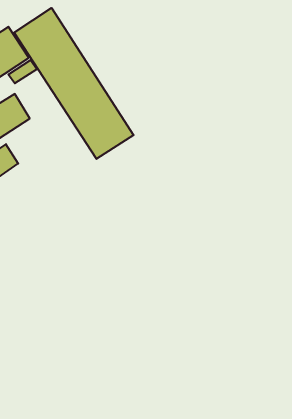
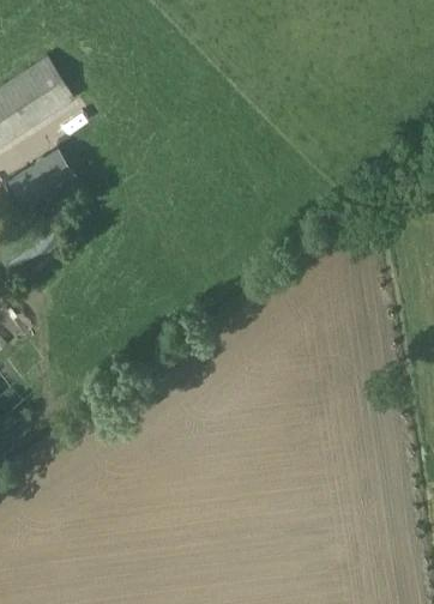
building: [14,8,134,159] -> none

